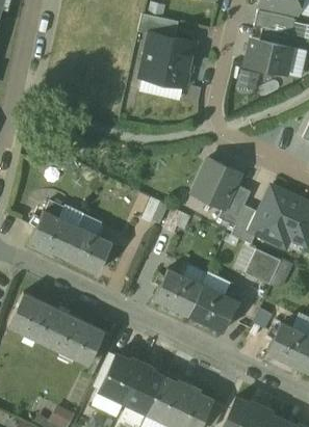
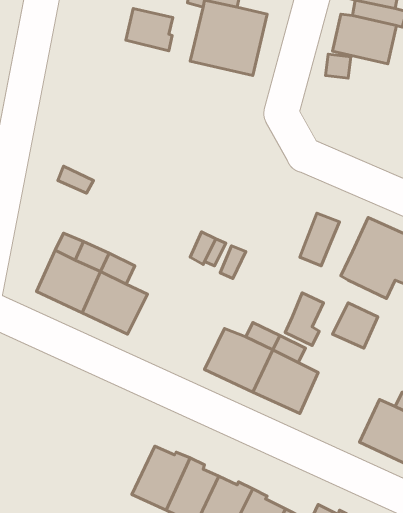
building: none -> [126,8,173,51]
building: [192,159,240,209] -> none
building: [233,206,261,244] -> [285,293,324,345]
building: [8,294,104,364] -> none

